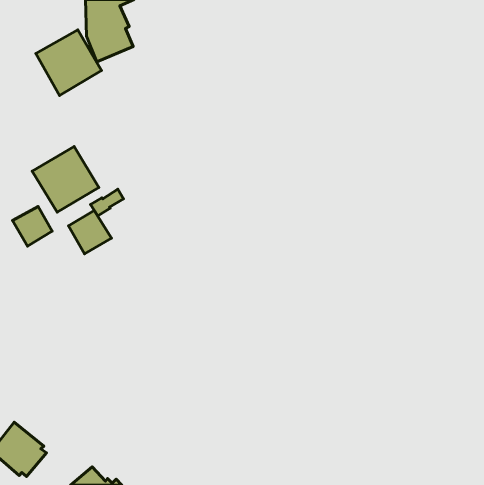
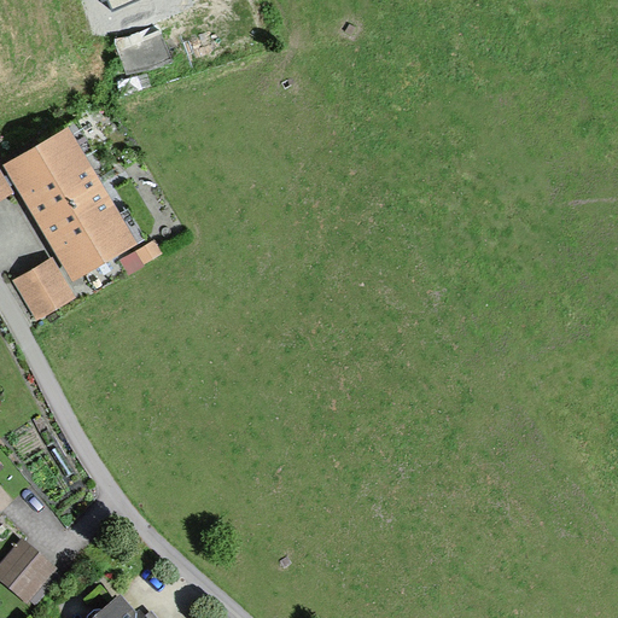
building: [36,30,101,95] -> [11,134,94,217]
building: [69,210,112,254] -> none

